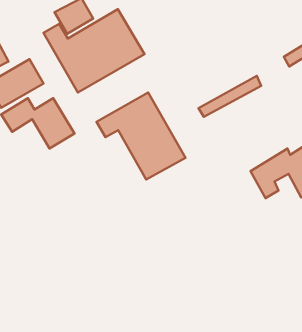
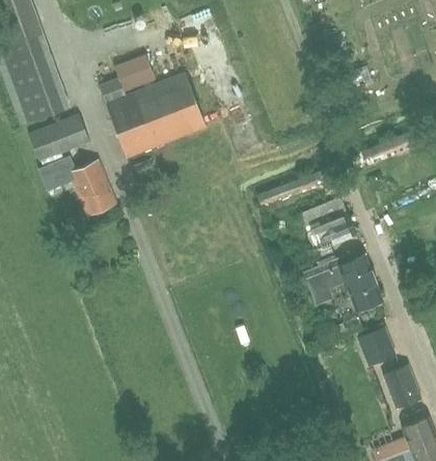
building: [97,92,186,180] -> none
building: none -> [300,196,356,250]

